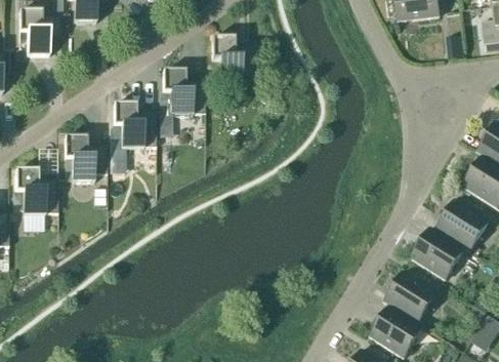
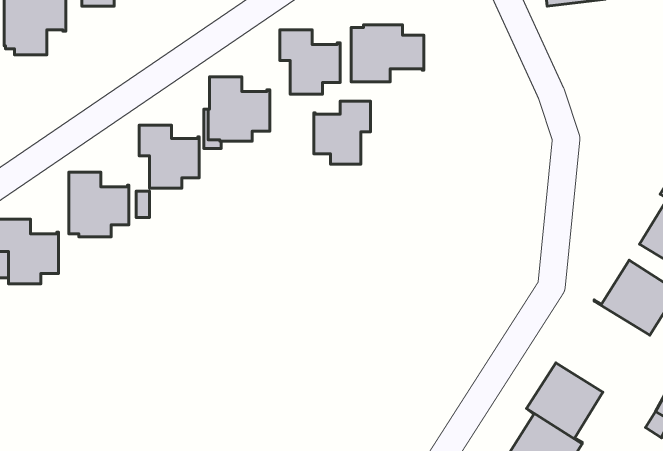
building: none -> [351,25,424,82]
building: none -> [314,101,371,164]
building: [411,227,469,279] -> none

